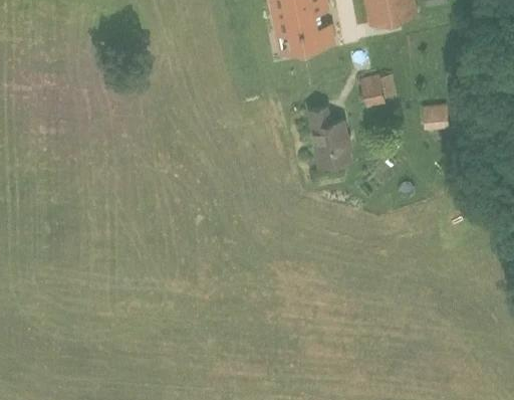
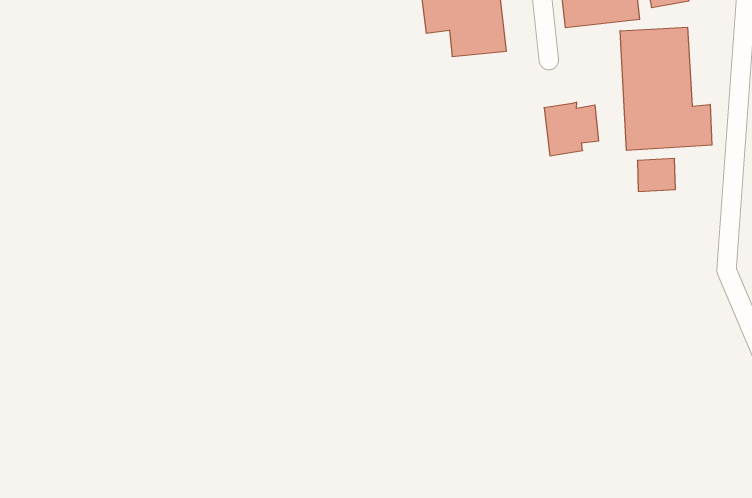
building: none -> [620,27,712,150]
building: [310,109,349,168] -> none

